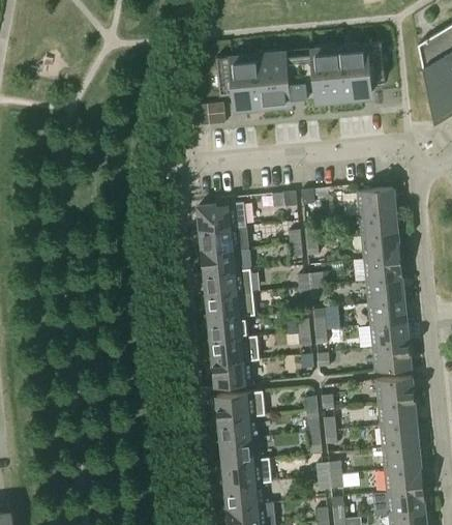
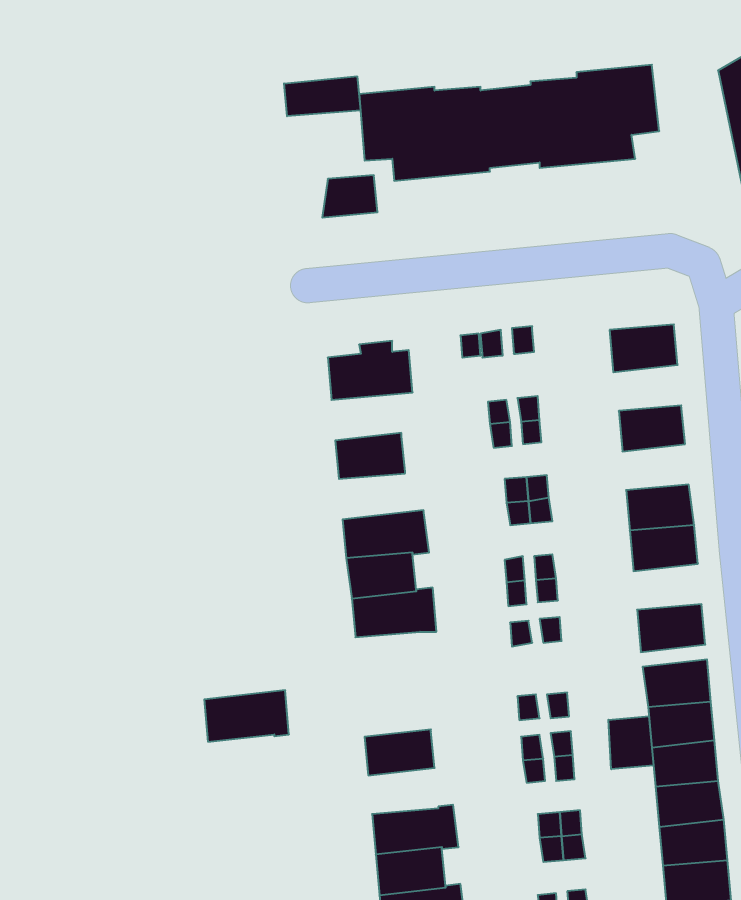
building: none -> [284,76,360,116]
building: [359,211,397,237] -> none
building: [201,227,248,254] -> none
building: [364,256,401,282] -> none
building: [205,270,252,298] -> none
building: [370,323,409,349] -> none
building: [214,361,253,388] -> none
building: [217,391,265,420] -> [204,690,289,742]
building: none -> [608,716,654,769]
building: [221,438,261,464] -> none

